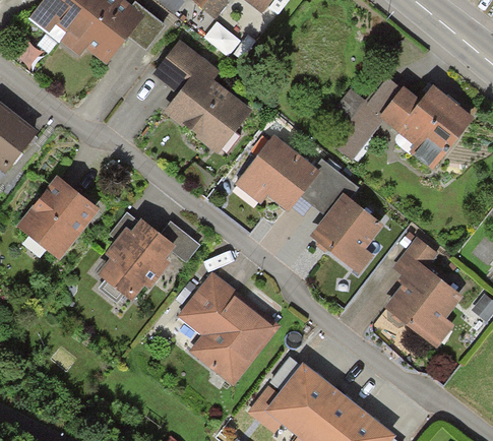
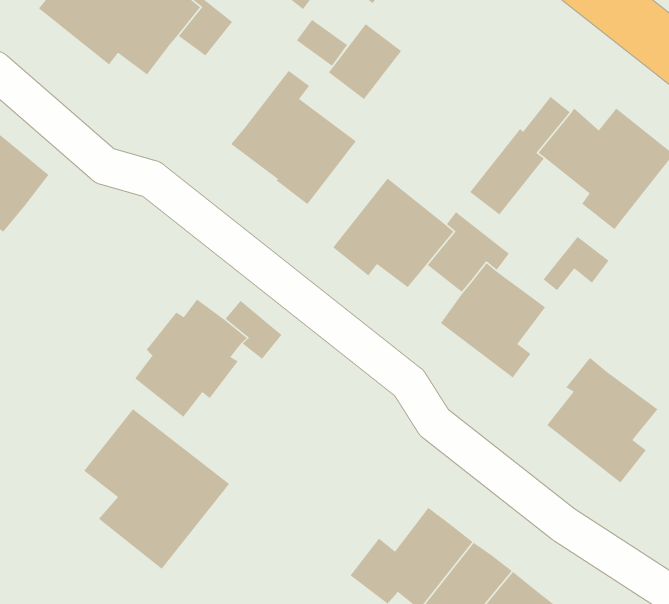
building: [152,40,204,93] -> [328,23,402,100]
building: [16,175,100,259] -> none
building: [392,236,439,274] -> [543,236,610,291]
building: [178,272,281,385] -> [83,408,230,570]

